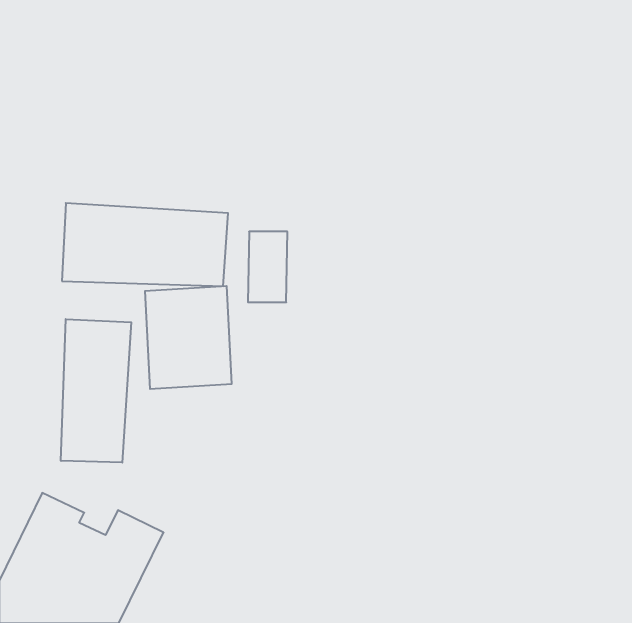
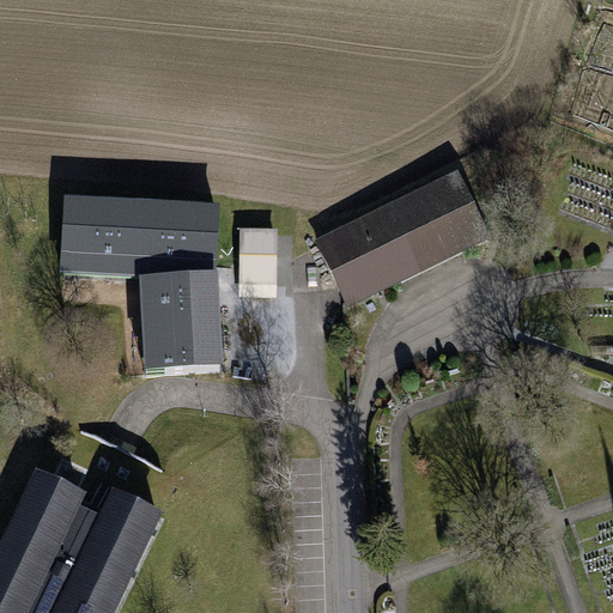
building: none -> [315,166,491,303]
building: [61,319,131,463] -> none

